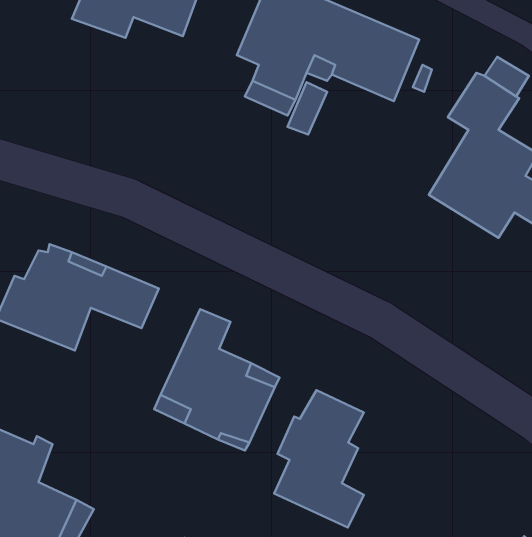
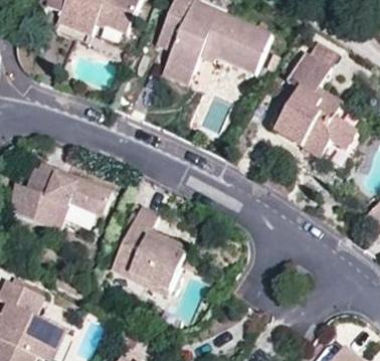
building: [274,390,364,527] -> none

